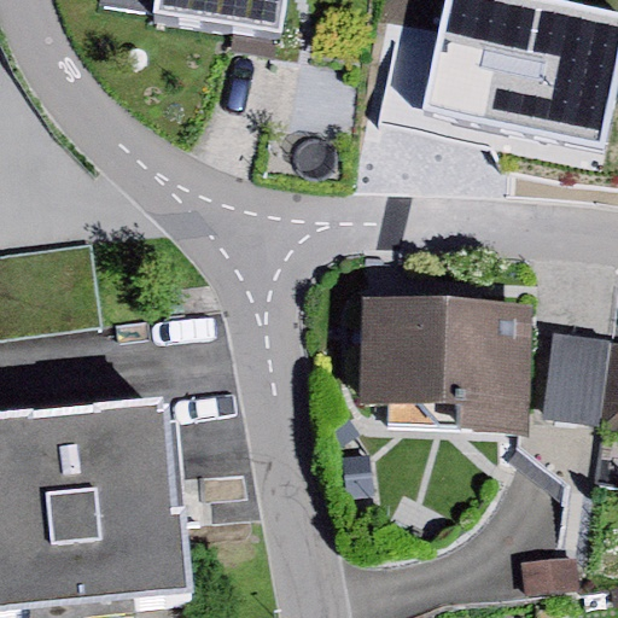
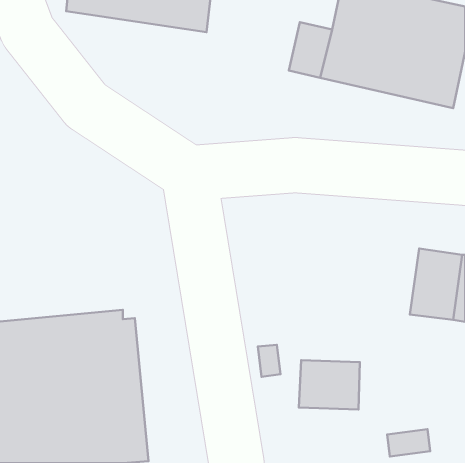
building: [358,296,527,425] -> none
building: none -> [299,360,360,410]

